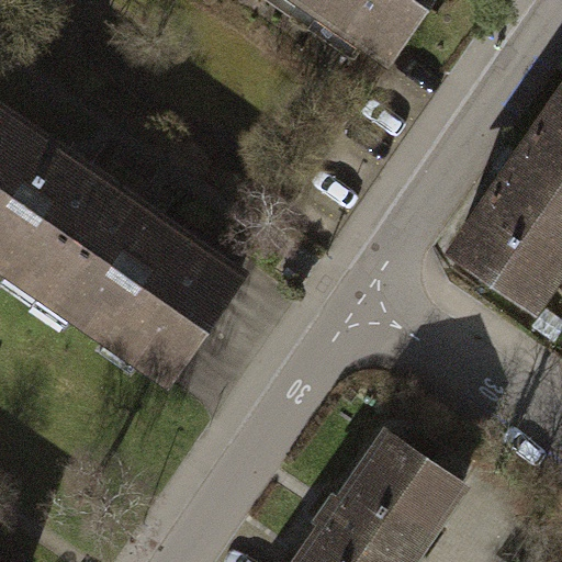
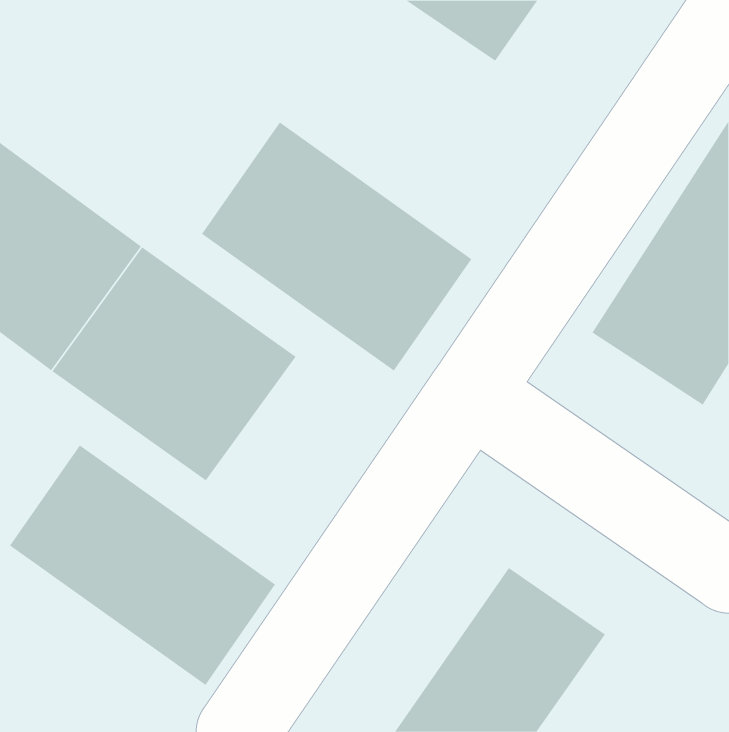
building: none -> [201,122,472,372]
building: none -> [9,444,276,686]

